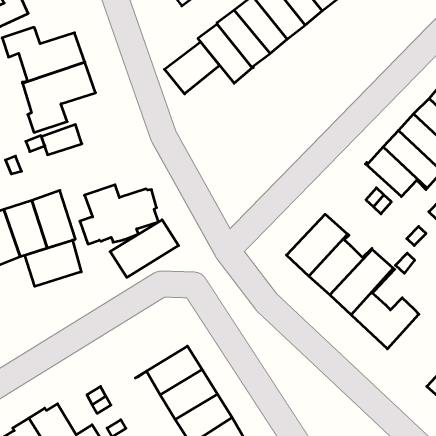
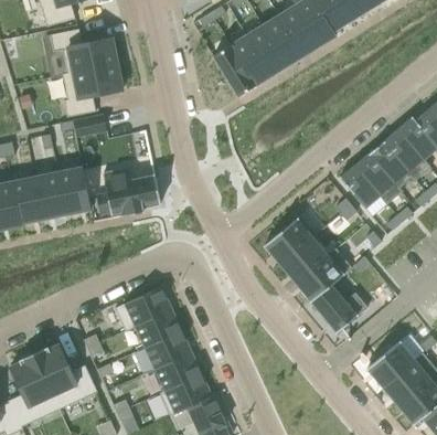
building: [164,42,220,94] -> none
building: [110,220,179,277] -> [114,287,171,331]
building: [25,240,81,286] -> none

